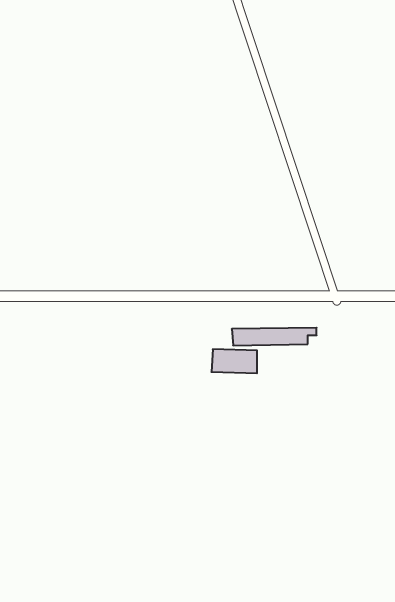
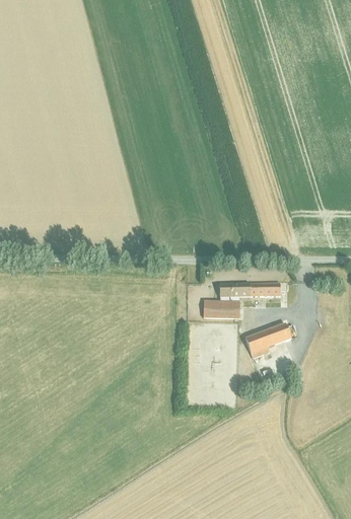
building: none -> [245,322,291,358]

